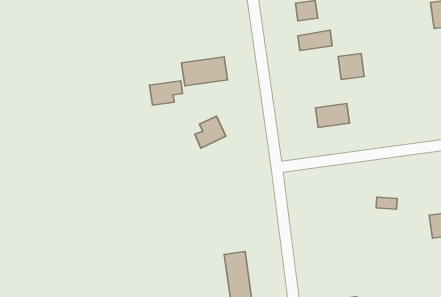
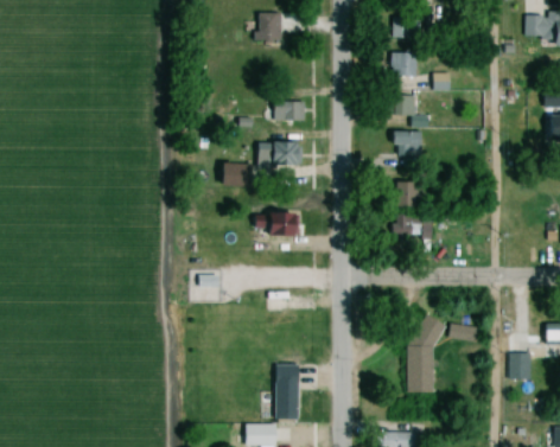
building: none -> [276,102,307,120]
building: [338,53,364,80] -> [399,180,425,206]
building: none -> [412,320,438,394]

